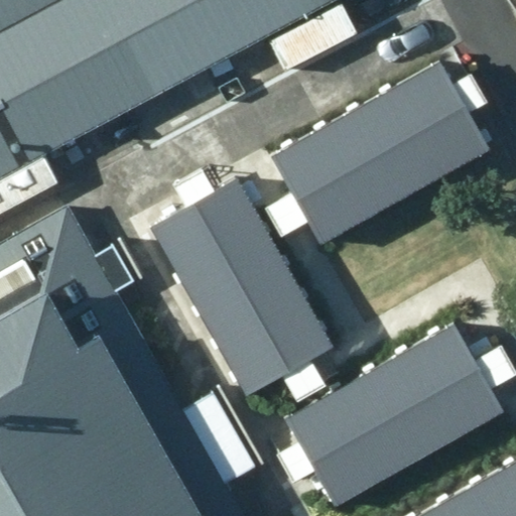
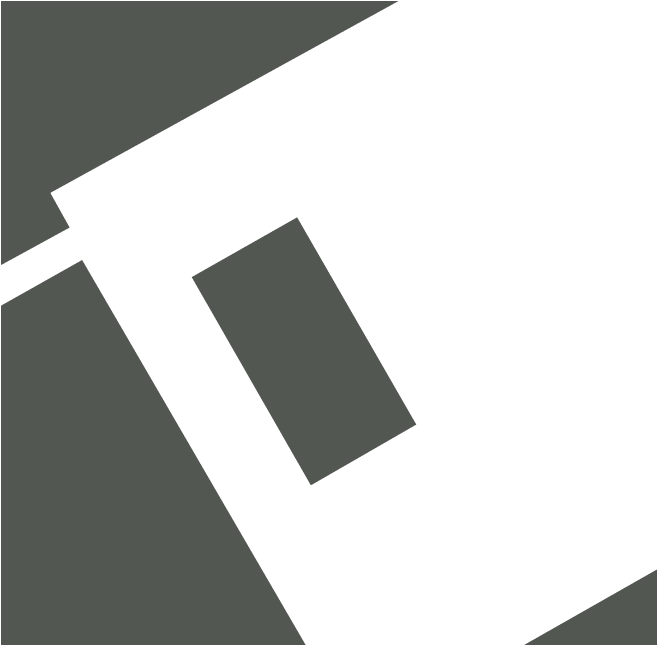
building: [272,60,484,238] -> none
building: [287,326,499,502] -> none

